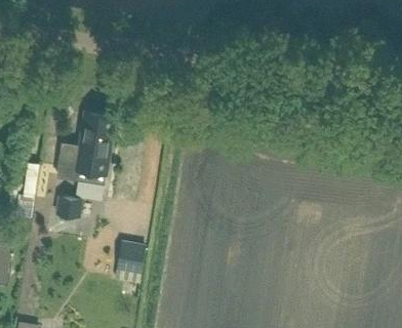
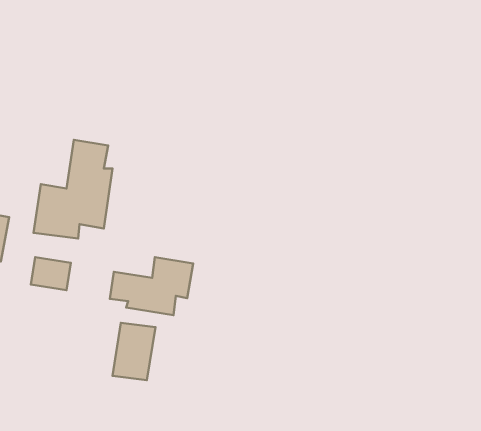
building: none -> [110,257,193,315]

